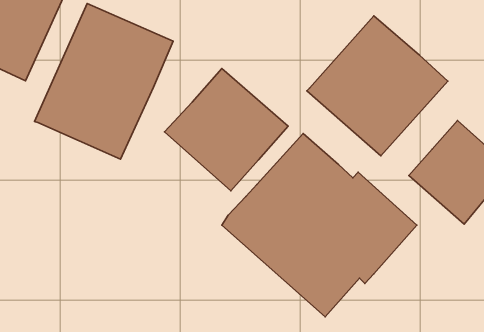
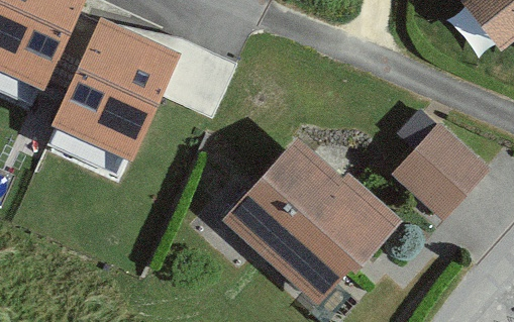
building: [307,16,448,156] -> none
building: [164,68,288,191] -> none

